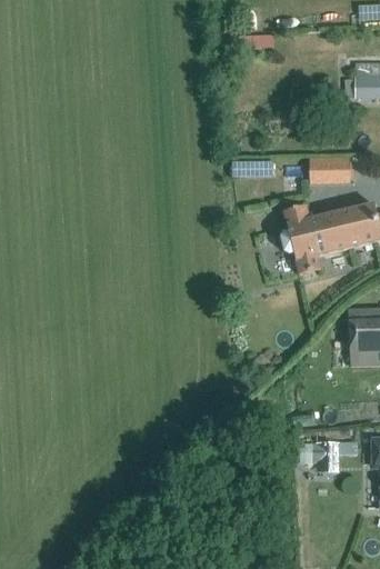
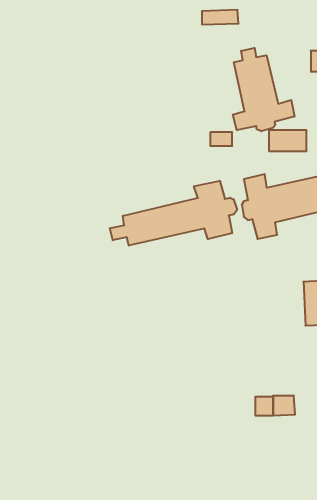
building: none -> [233,48,295,131]
building: none -> [110,181,237,246]

